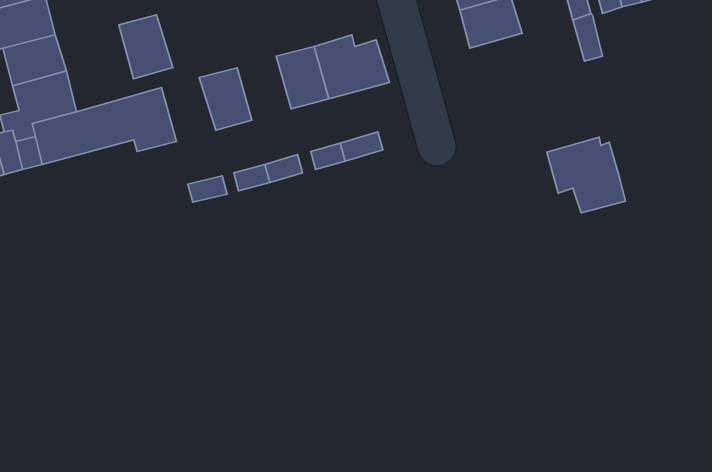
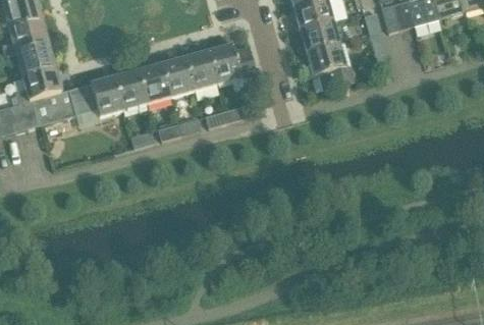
building: [119,15,173,79] -> [114,70,148,110]
building: none -> [161,57,195,97]
building: [547,137,625,213] -> [306,43,355,90]

